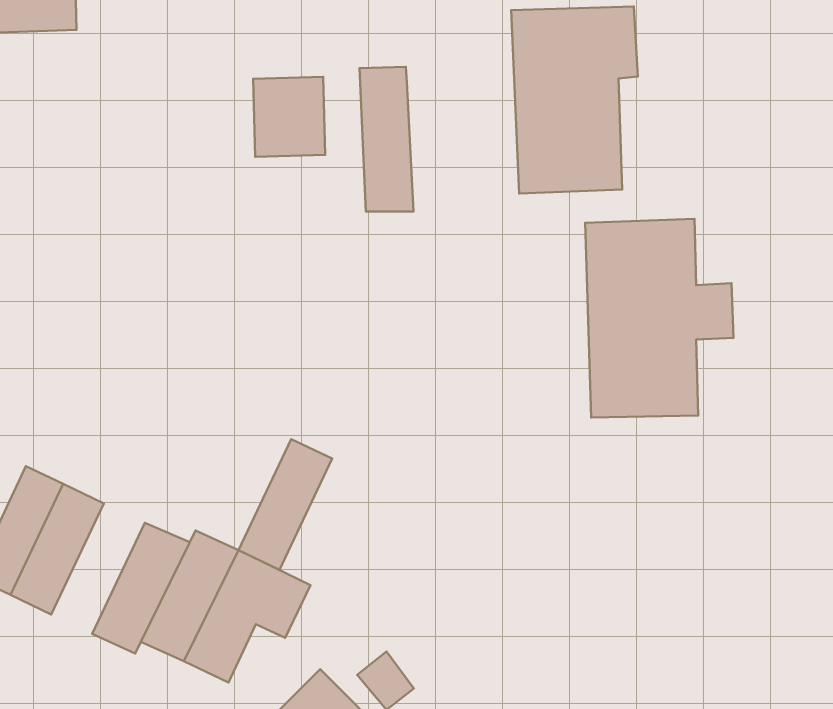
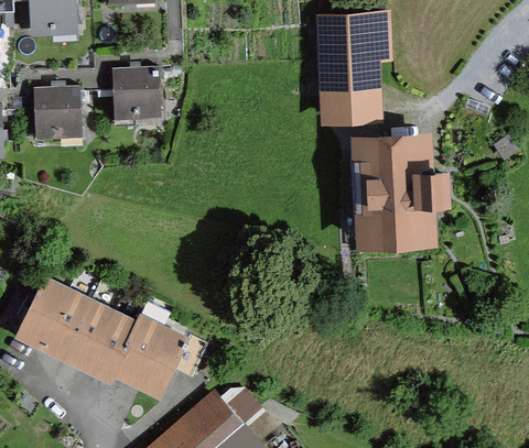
building: [360,67,414,212] -> none
building: [253,77,325,157] -> [115,67,155,112]
building: none -> [35,87,77,133]
building: [239,439,332,570] -> [58,298,111,372]

